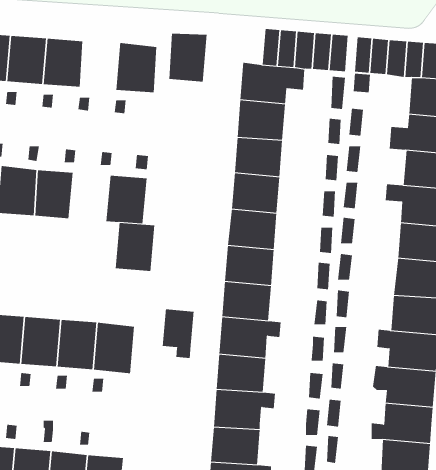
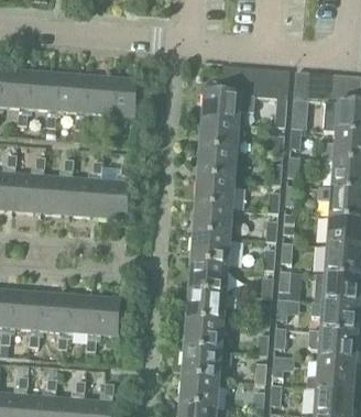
building: [168,33,208,82] -> [77,74,108,112]
building: [115,222,155,271] -> [68,177,100,216]
building: [162,309,194,359] -> none

